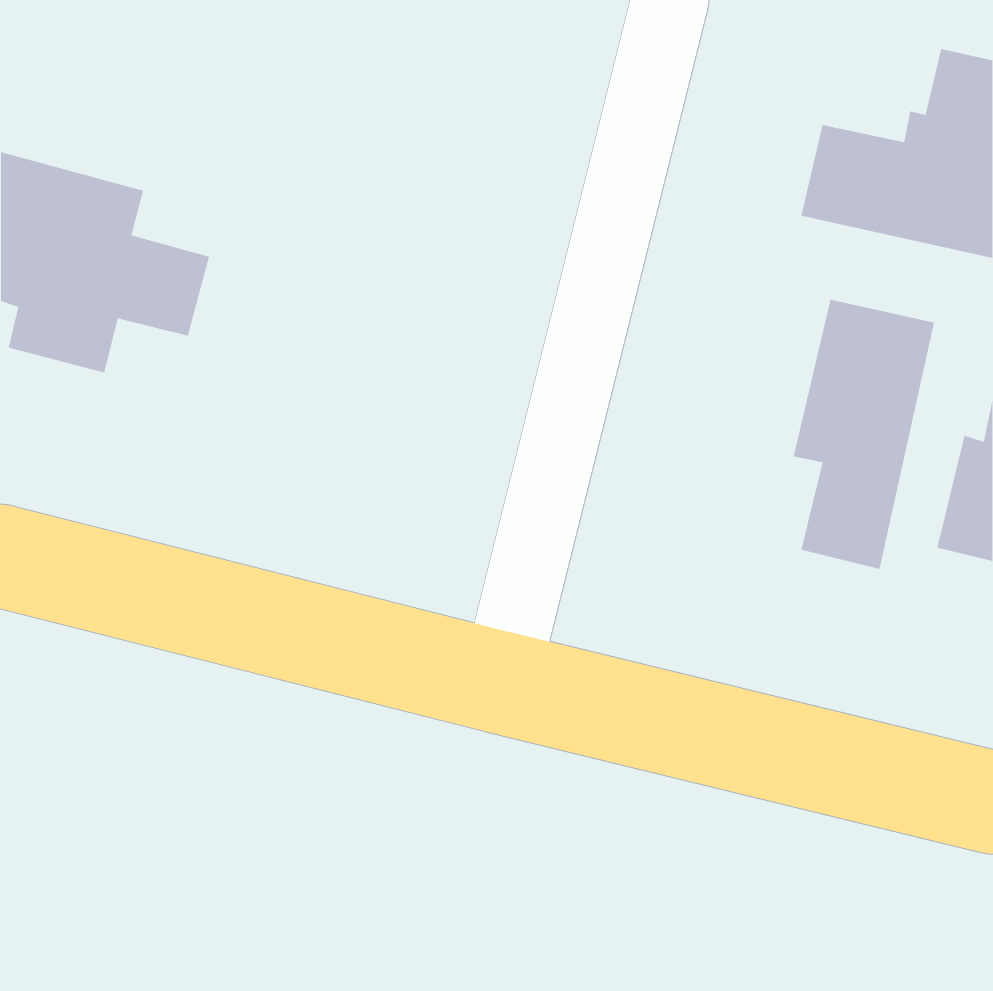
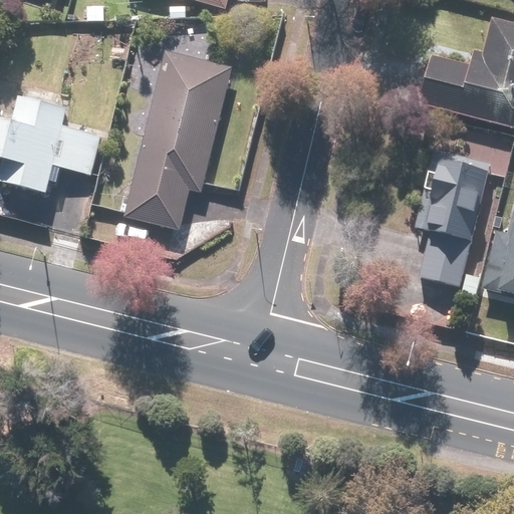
building: none -> [130,50,234,228]

